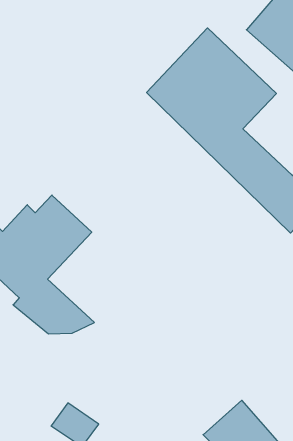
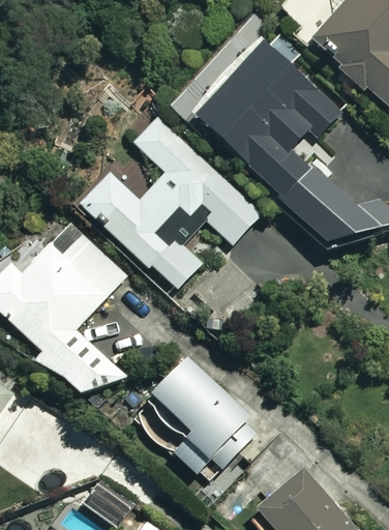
building: none -> [81,116,261,289]
building: none -> [149,350,262,481]

